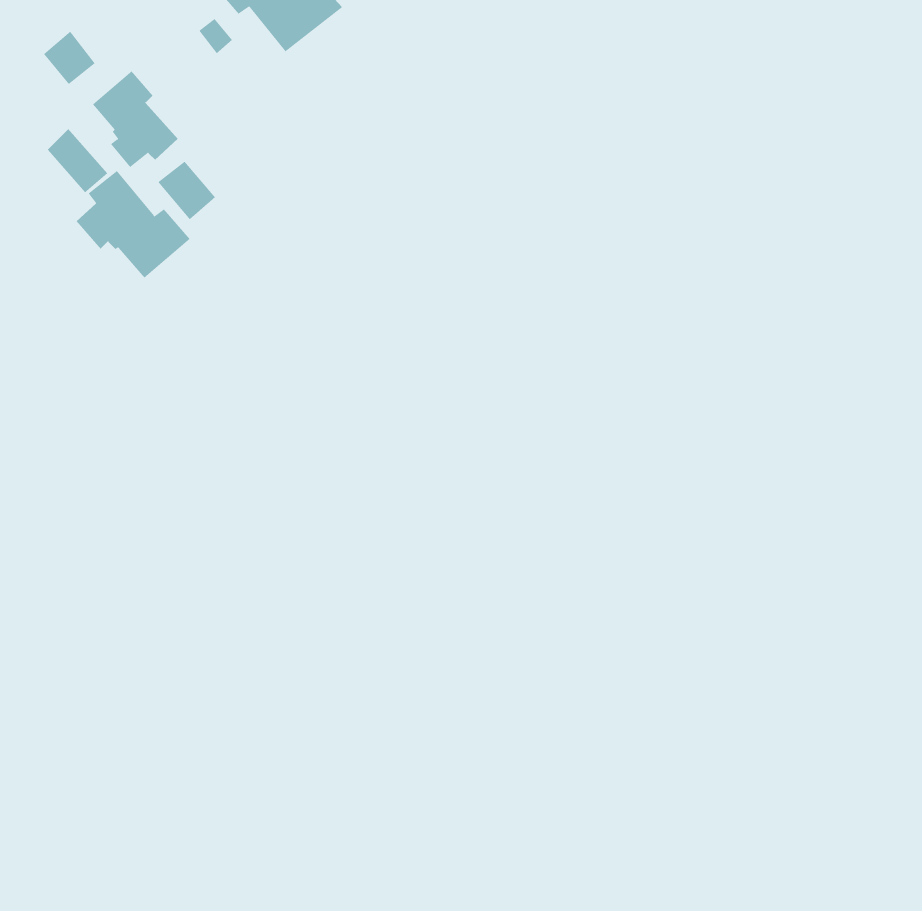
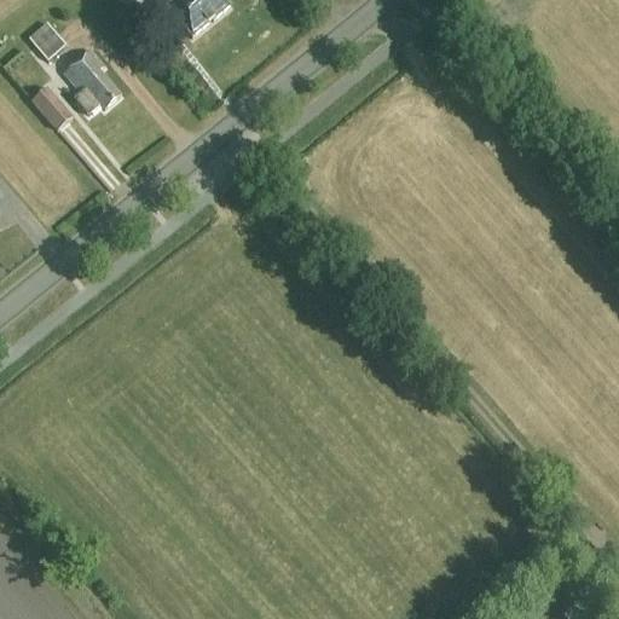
building: [157,161,216,220] -> none
building: [76,170,191,279] -> none

